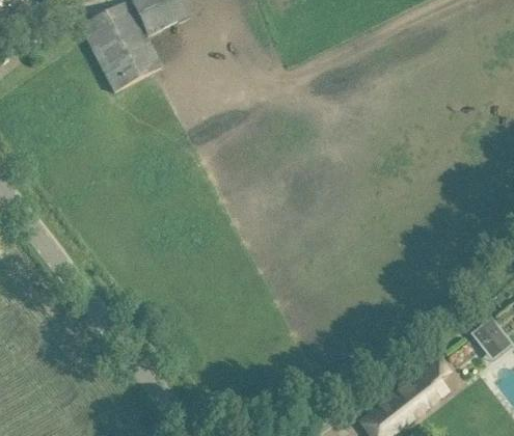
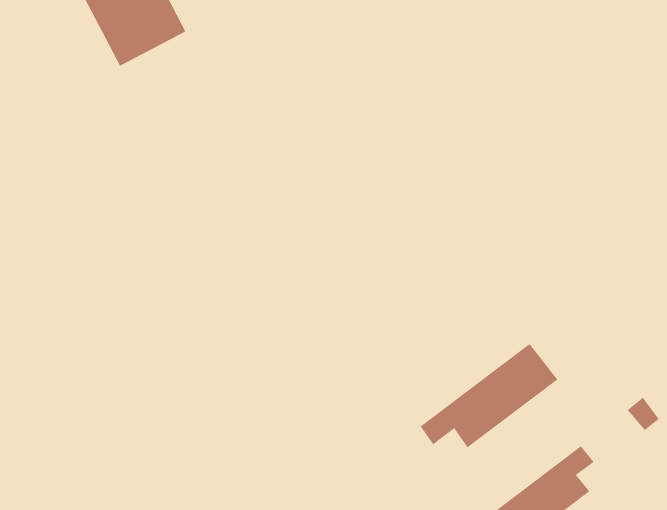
building: none -> [420,343,558,448]

